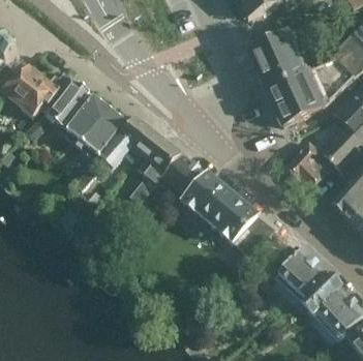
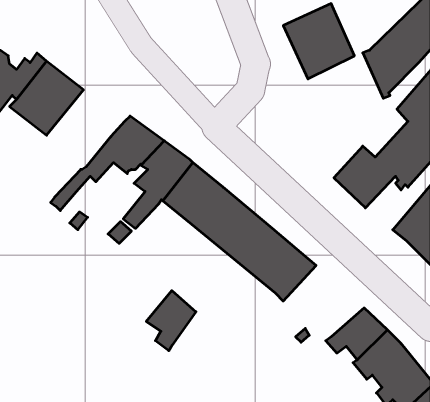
building: [269,71,326,125] -> none
building: [71,99,126,156] -> none
building: [274,250,311,285] -> none
building: none -> [146,291,196,351]

